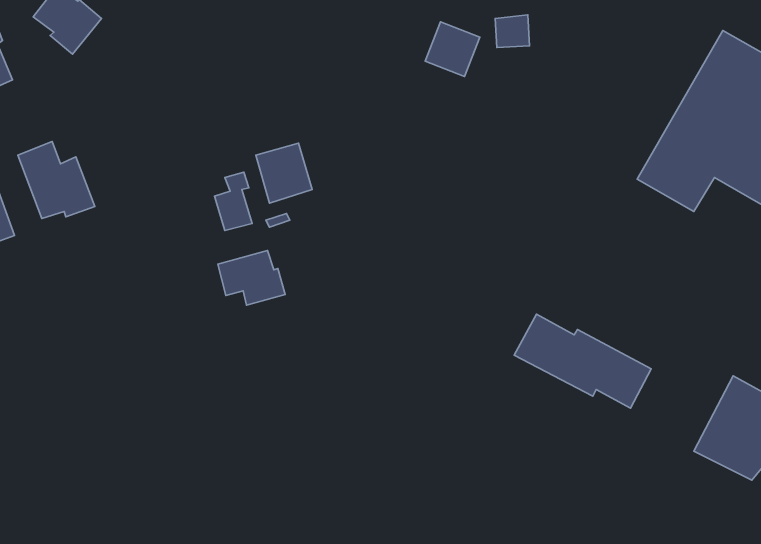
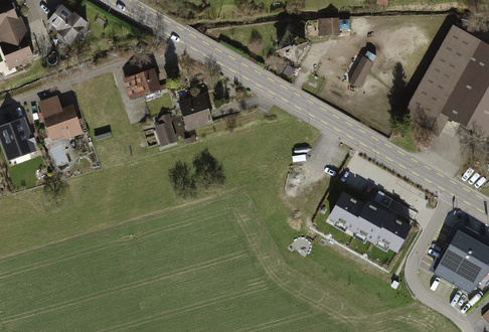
building: none -> [347,54,374,88]
building: none -> [123,66,162,99]
building: [218,251,285,305] -> none

